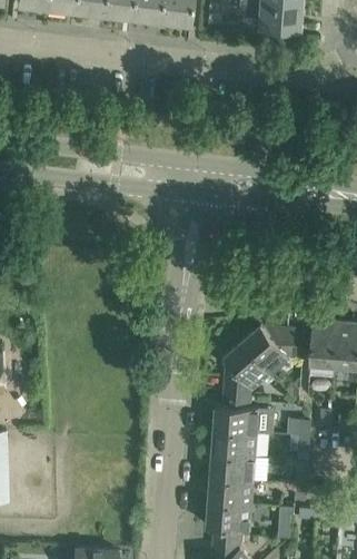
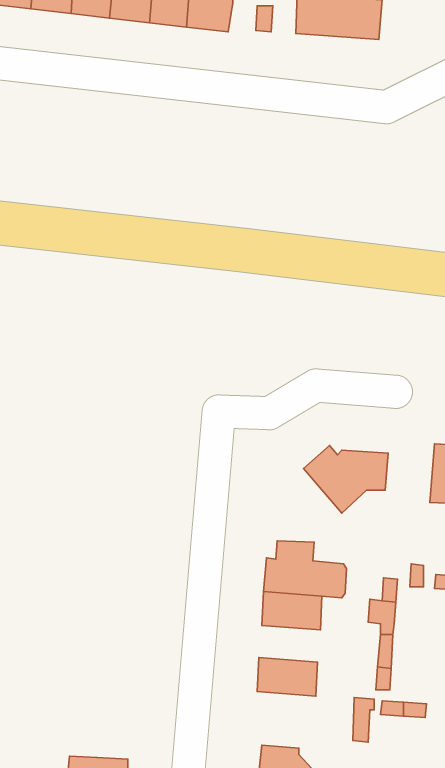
building: [309,321,337,365] -> none
building: [224,341,270,394] -> none
building: [210,454,255,481] -> none
building: [207,502,251,543] -> none

